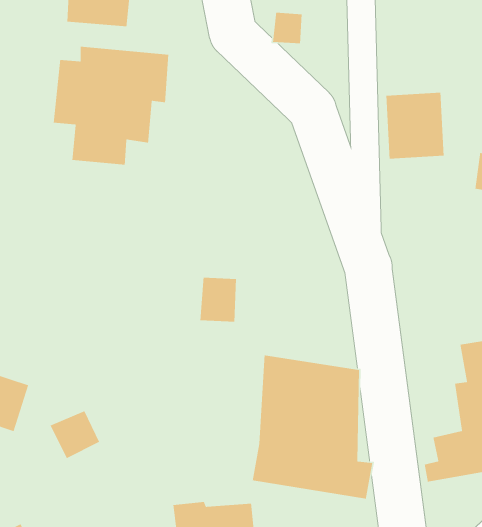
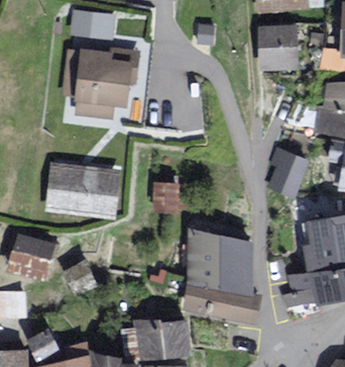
building: [386,92,445,159] -> [261,26,297,67]
building: none -> [269,151,309,198]
building: none -> [47,164,120,212]

